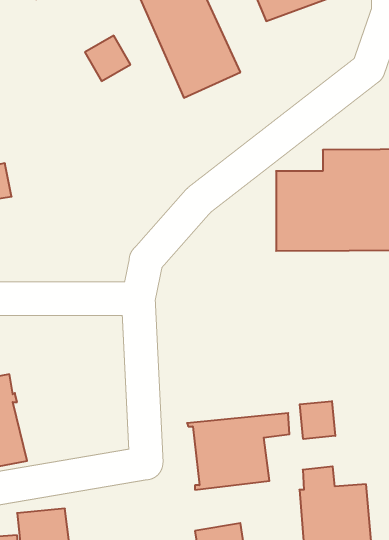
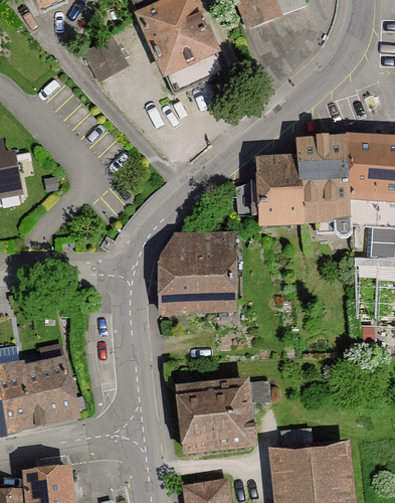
building: none -> [160,232,234,310]
building: none -> [20,356,78,422]
building: [300,401,335,439] -> none

